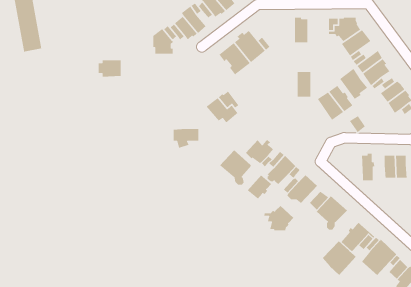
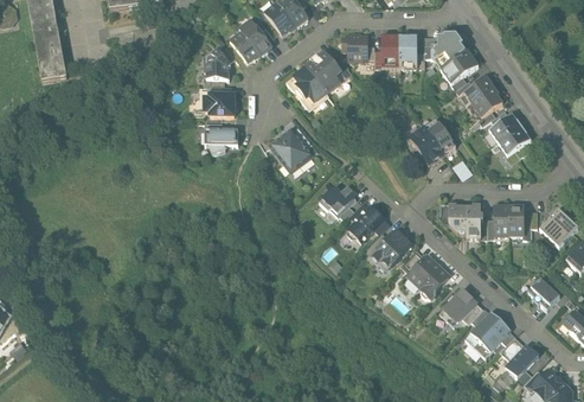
building: none -> [342,32,367,57]
building: [98,60,122,77] -> [205,94,235,116]
building: [339,68,368,100] -> none
building: [297,71,311,98] -> [399,32,417,65]
building: [173,128,199,149] -> [205,129,238,155]
building: [219,150,252,186] -> none
building: none -> [441,203,467,234]
building: [247,174,272,200] -> none
building: [263,205,294,231] -> none
building: [322,240,356,276] -> none

